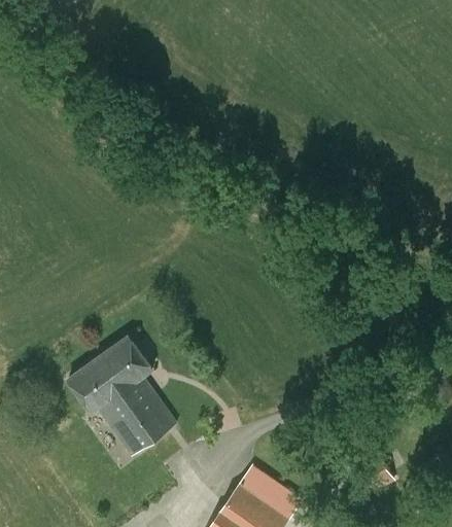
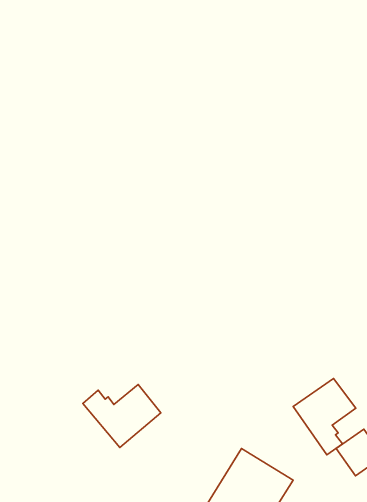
building: [69,336,154,412] -> none
building: none -> [293,378,356,455]

